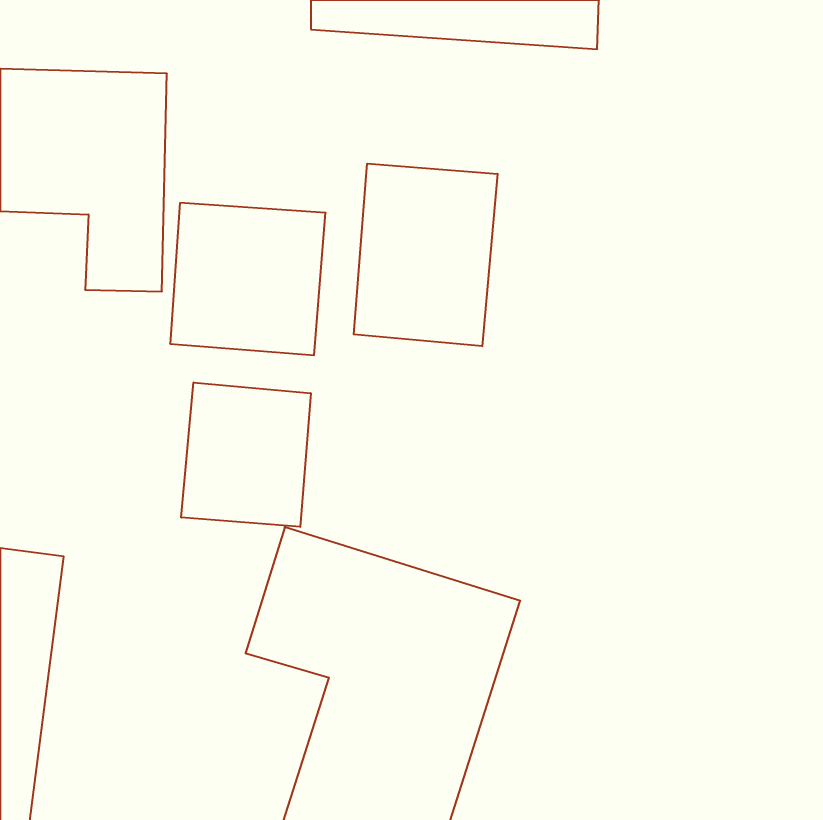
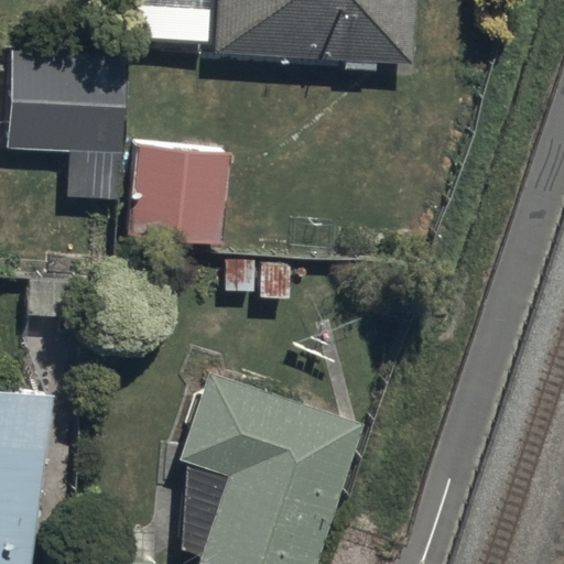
building: [354,164,498,346] -> none
building: [181,382,311,527] -> none

